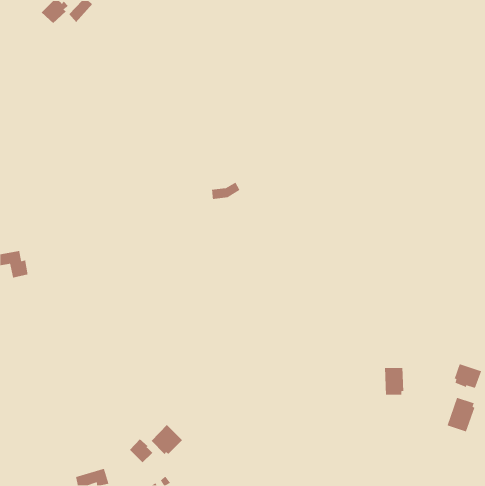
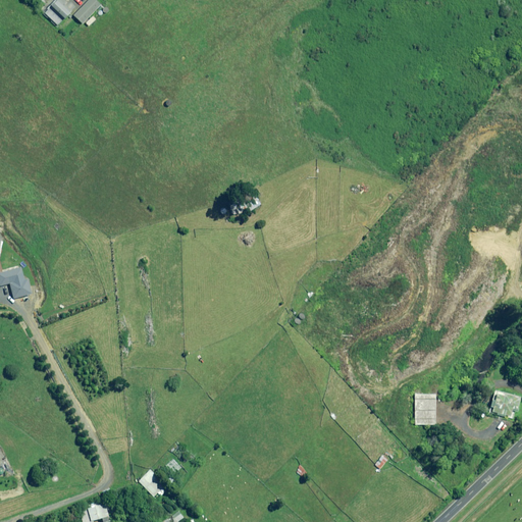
building: [446,397,476,432] -> none
building: [151,424,183,455] -> none

